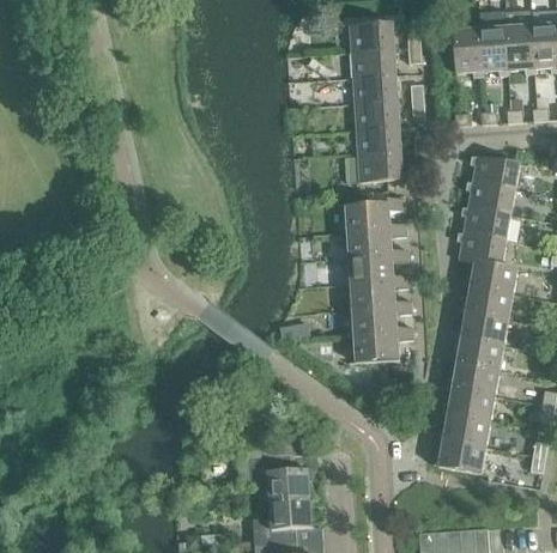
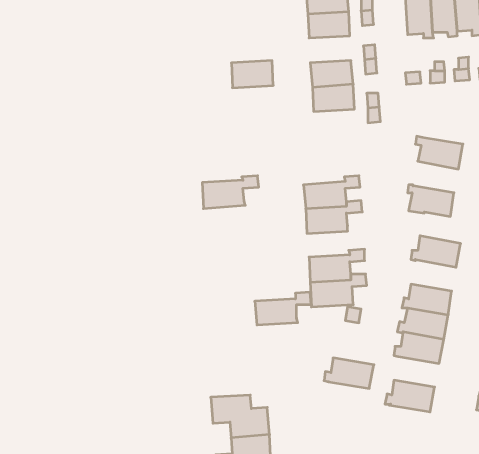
building: [352,74,396,103] -> [231,61,273,88]
building: [357,152,402,181] -> none
building: [470,156,519,189] -> none
building: [345,198,405,232] -> [202,176,259,209]
building: [460,206,510,241] -> none
building: [465,261,517,294] -> none
building: [350,274,410,309] -> [255,292,311,325]
building: [455,311,508,345] -> none
building: [437,414,490,446] -> [324,358,374,388]

